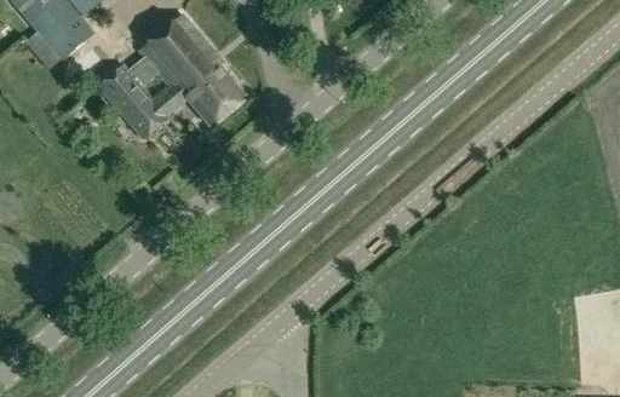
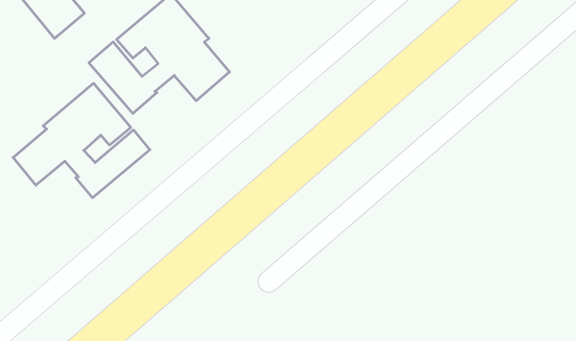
building: none -> [13,83,150,198]

